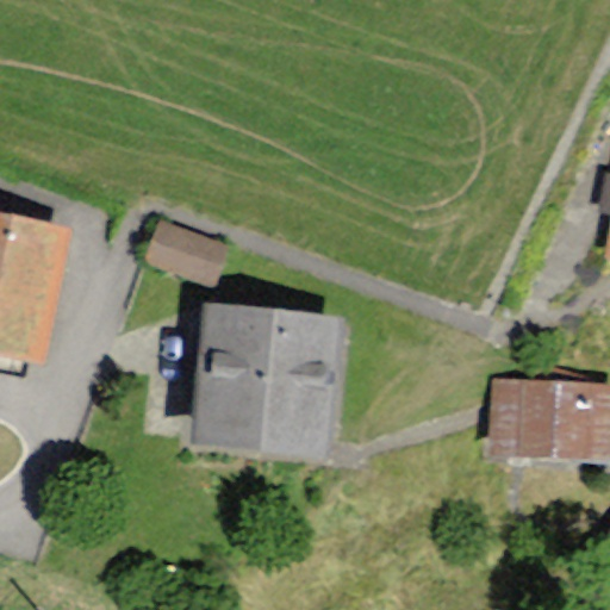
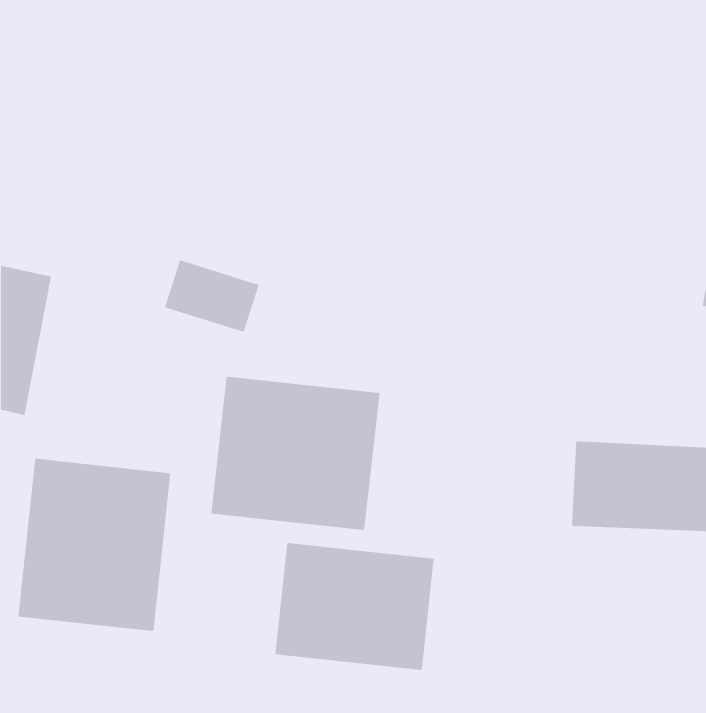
building: none -> [18,458,171,632]
building: none -> [275,542,434,671]

